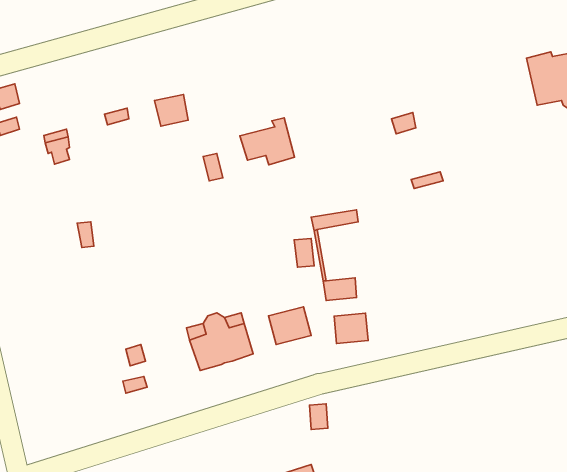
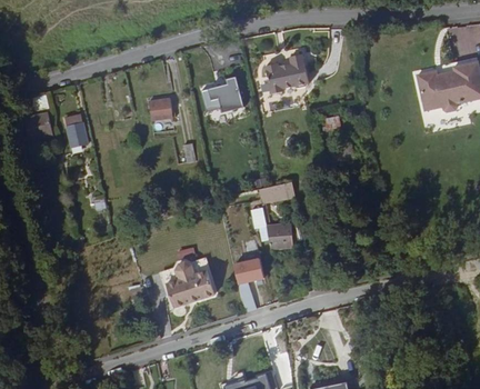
building: none -> [272,48,318,88]
building: [240,118,295,165] -> [201,78,241,112]
building: [334,313,368,344] -> none

